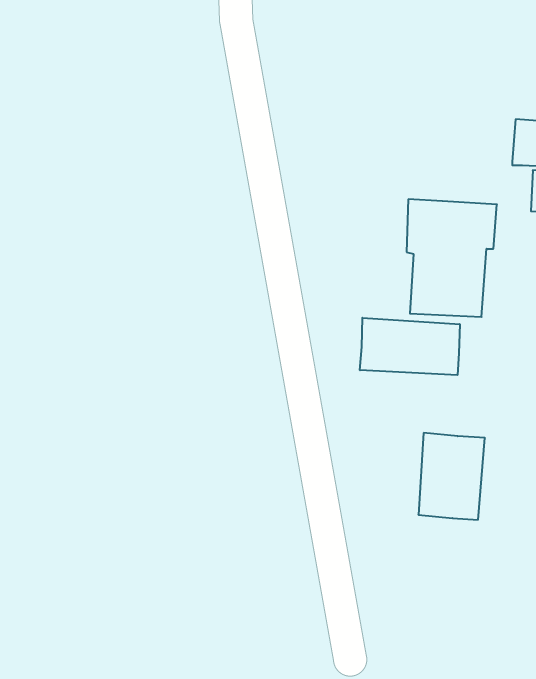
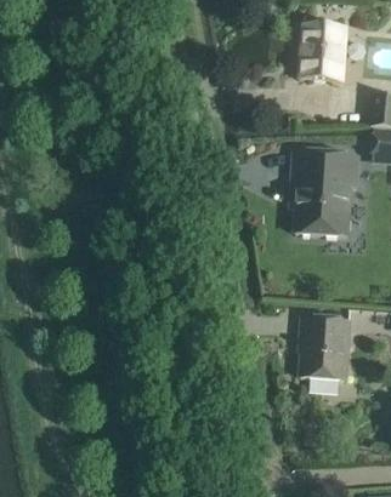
building: none -> [298,21,345,78]
building: [360,318,460,375] -> none

